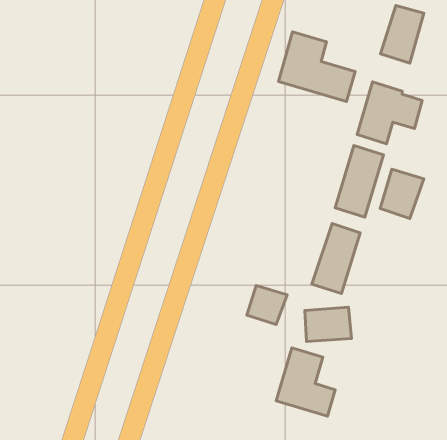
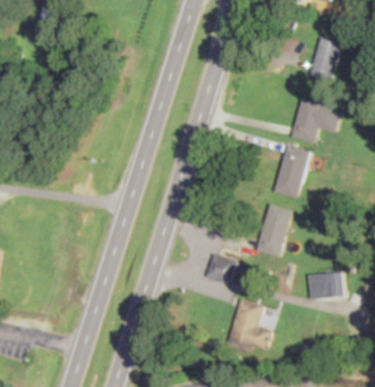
building: [279,32,355,101] -> none
building: [380,169,424,218] -> none
building: [305,307,351,341] -> [310,271,345,297]

